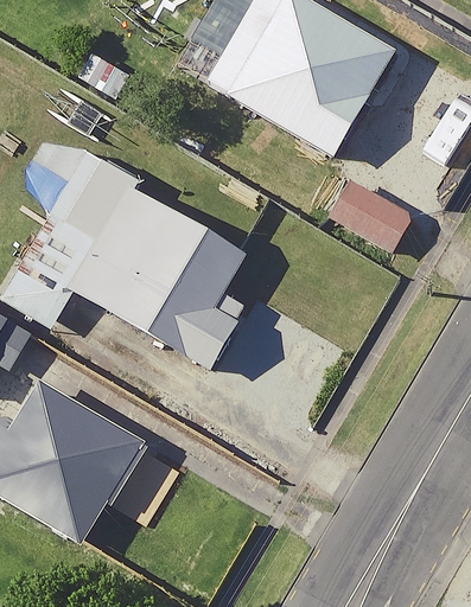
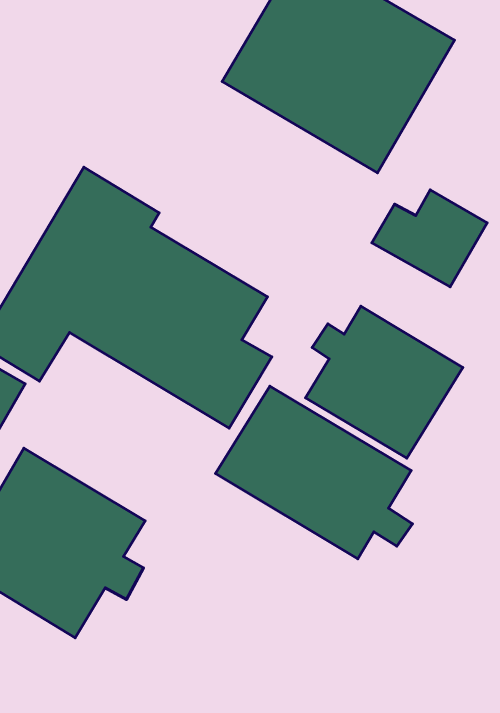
building: none -> [306,306,463,458]
building: none -> [215,386,412,559]

